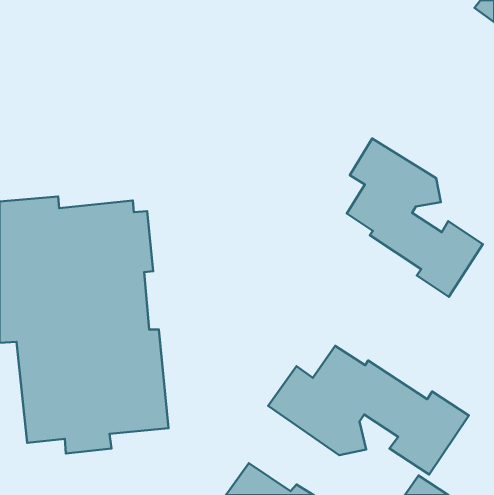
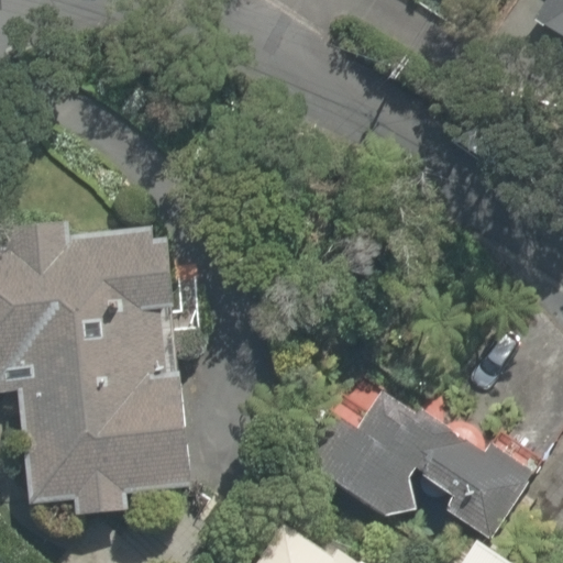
building: [347,139,483,297] -> none

